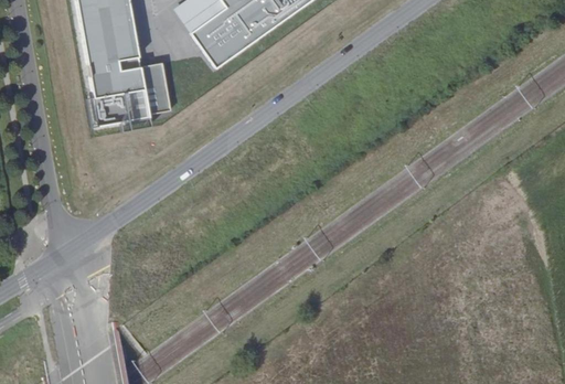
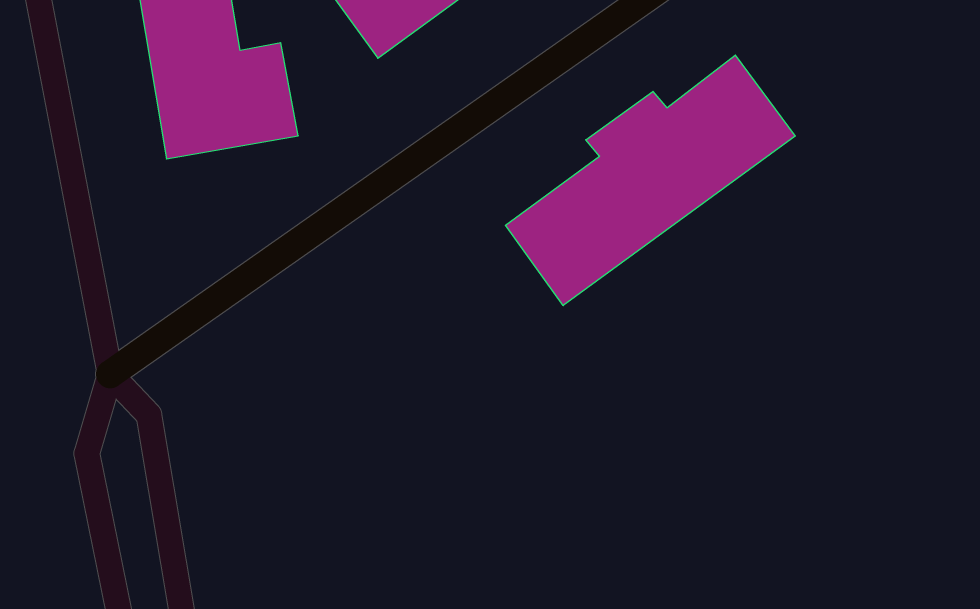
building: none -> [505,55,795,306]

